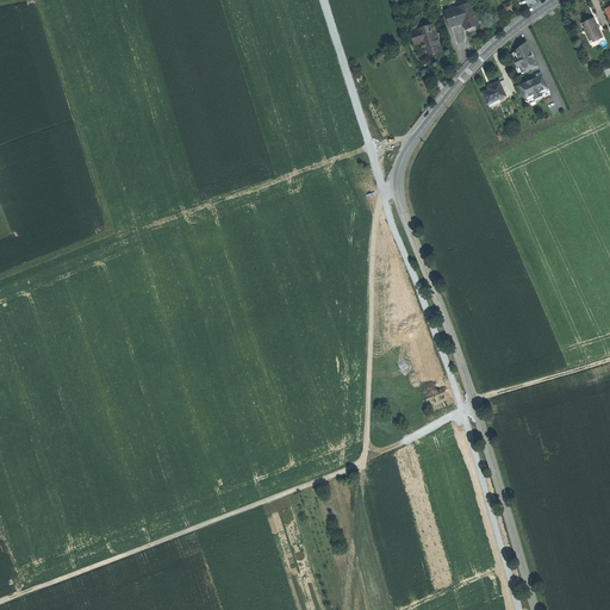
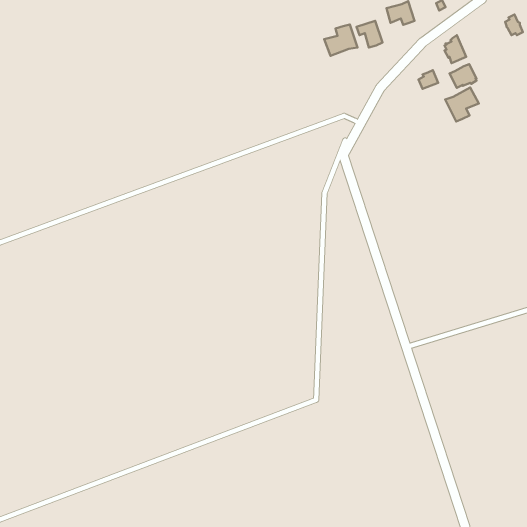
building: none -> [324,24,357,56]
building: none -> [445,87,479,121]

